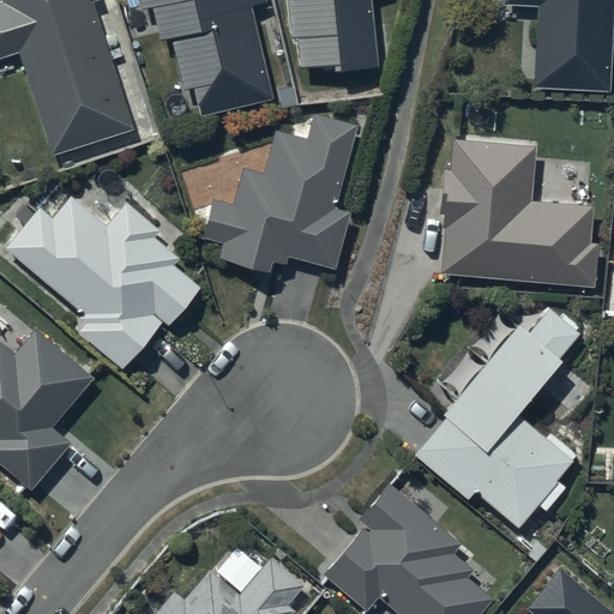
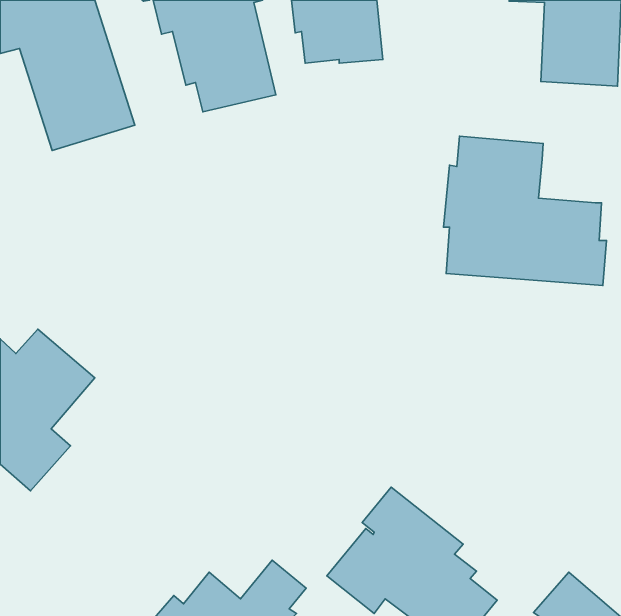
building: [203,115,354,270] -> none
building: [5,197,199,368] -> none
building: [415,308,578,528] -> none

